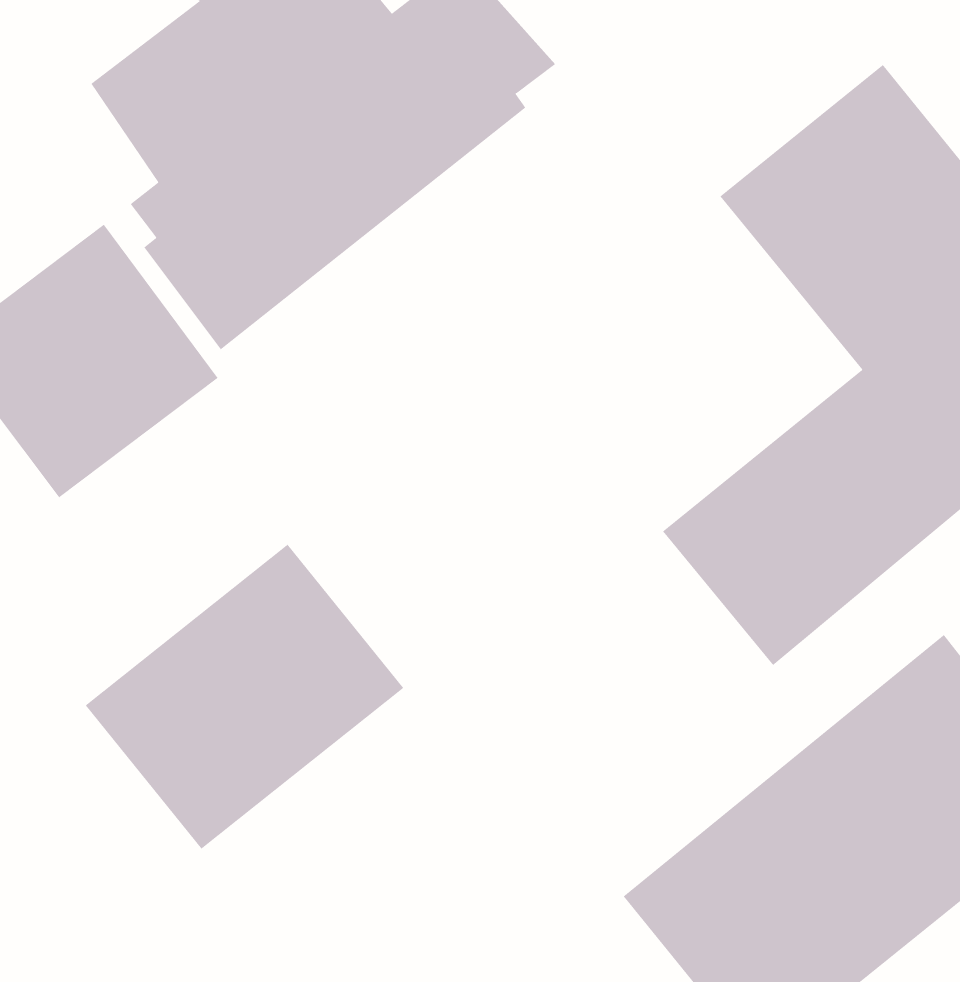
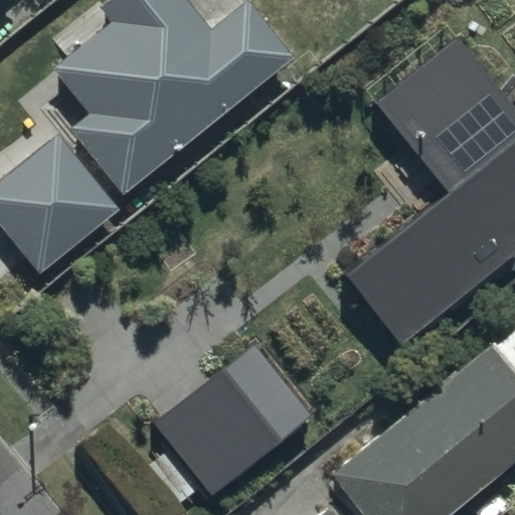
building: [85,544,404,849] -> [155,346,318,502]

